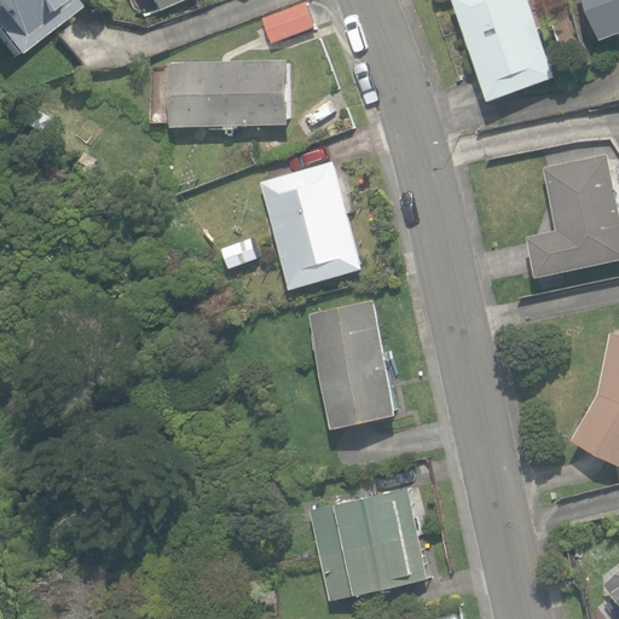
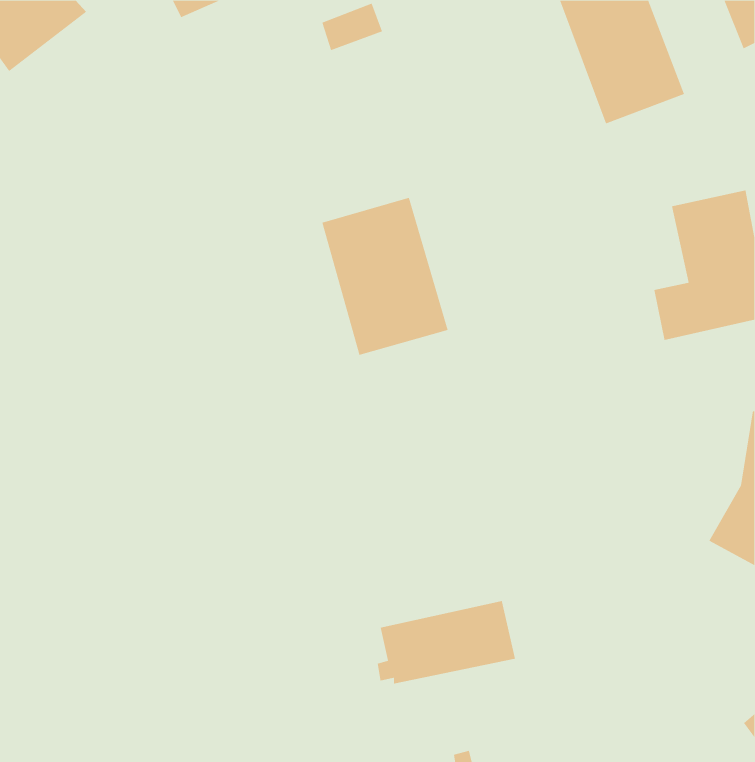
building: [170,60,288,128] -> none
building: [310,300,397,428] -> none
building: [318,534,426,598] -> none

